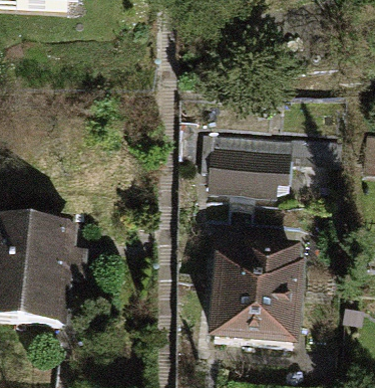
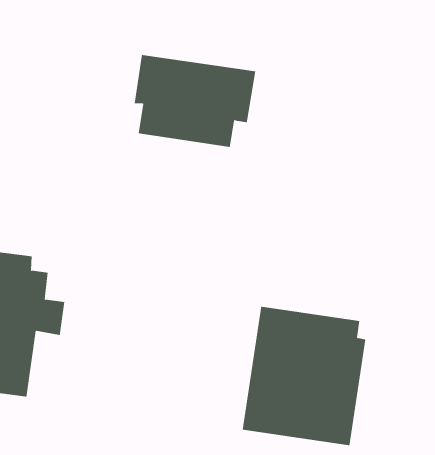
building: [207,128,292,190] -> [134,54,256,147]

